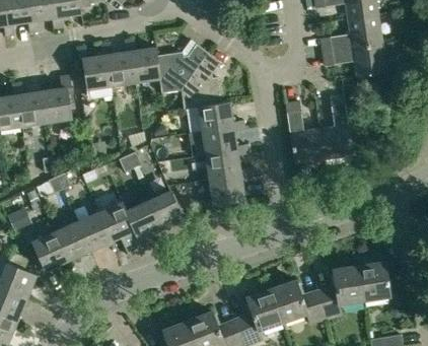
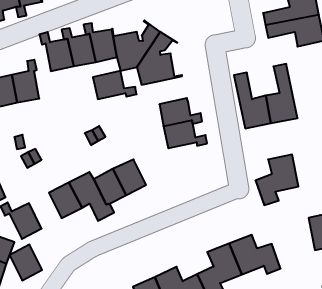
building: [198,102,244,132] -> [93,71,137,99]
building: [201,176,243,210] -> none
building: [54,222,88,261] -> [10,245,42,280]
building: [316,265,363,319] -> [255,154,298,205]

